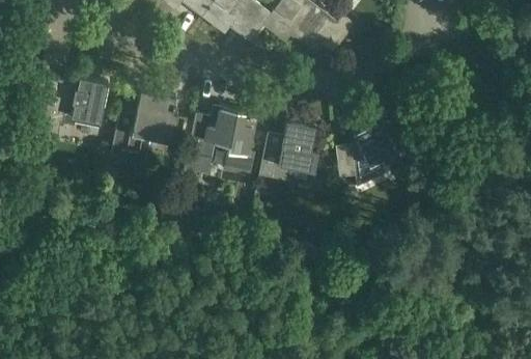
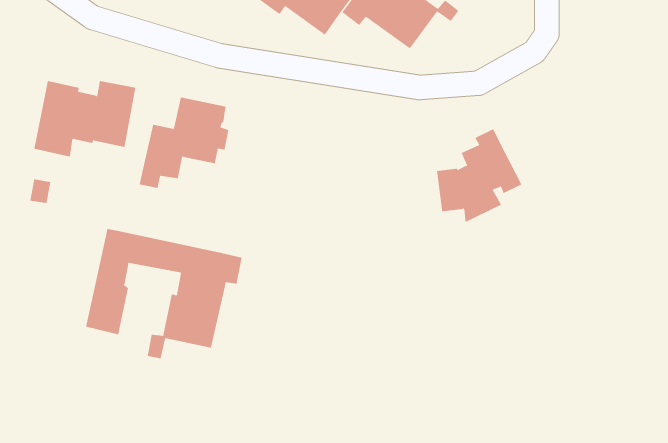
building: [184,106,255,174] -> none
building: [259,119,328,184] -> none
building: none -> [85,228,242,359]

